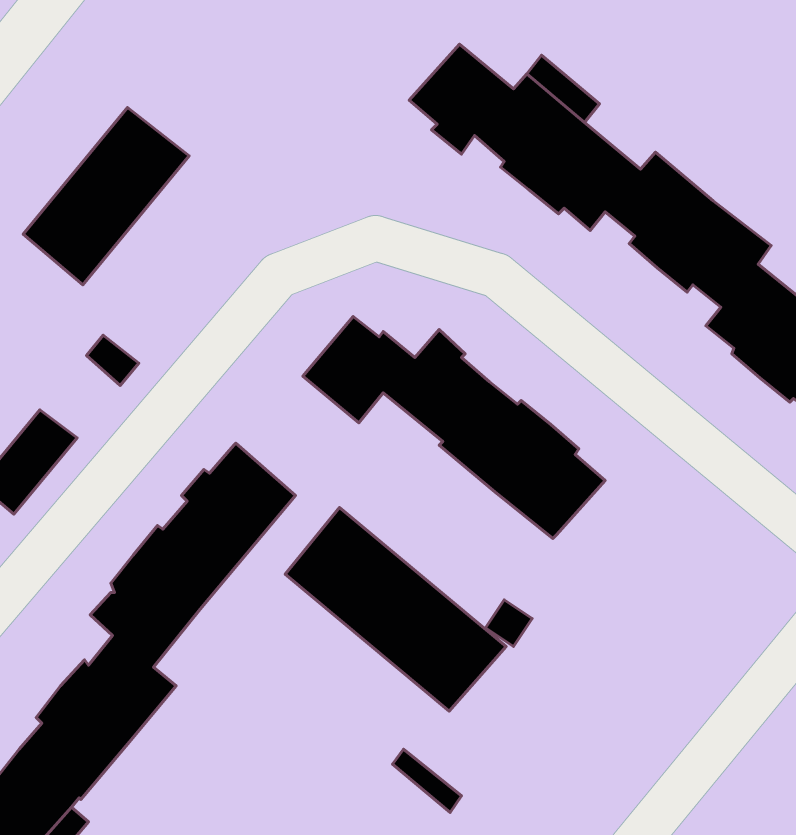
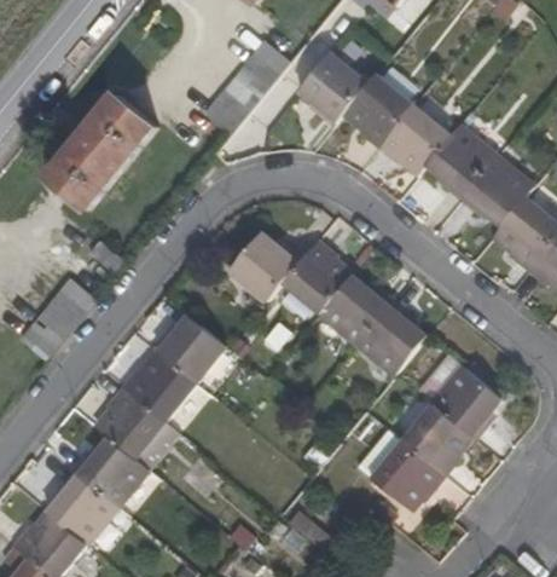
building: none -> [204,52,277,134]
building: [285,508,506,711] -> none
building: none -> [371,364,500,510]

